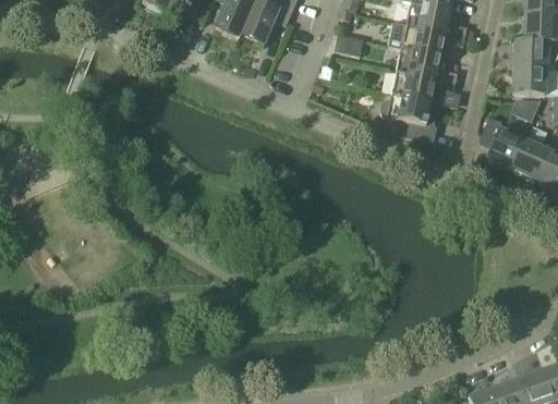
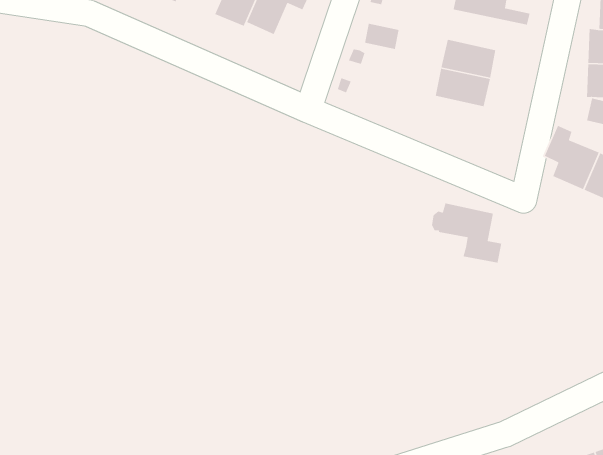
building: [389,22,466,57] -> none
building: [381,94,438,143] -> [431,202,502,264]

